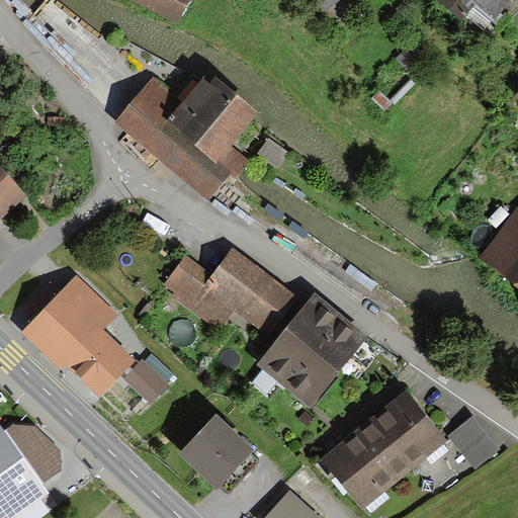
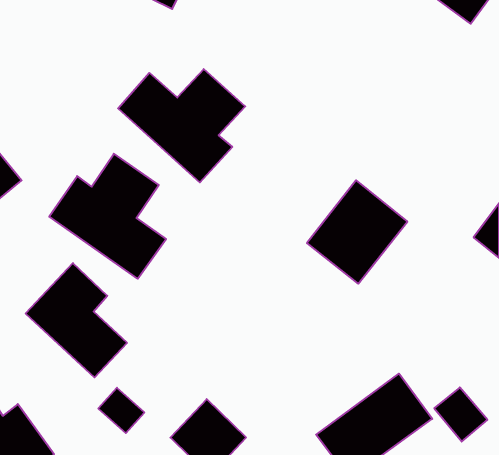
building: none -> [49,154,166,279]
building: [170,250,293,328] -> none
building: [261,295,364,402] -> [307,180,407,284]
building: [120,350,168,397] -> [98,388,144,433]

